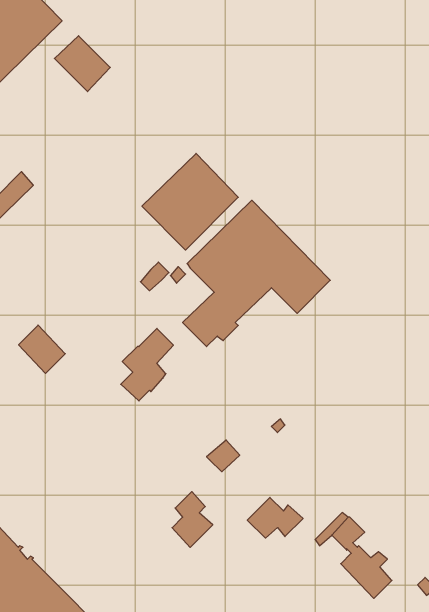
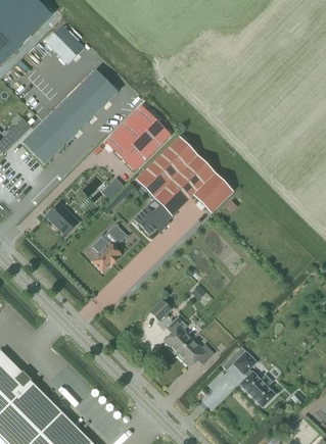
building: none -> [21,69,118,164]
building: [19,325,65,373] -> [46,202,78,235]
building: [172,492,213,547] -> [164,315,191,353]

